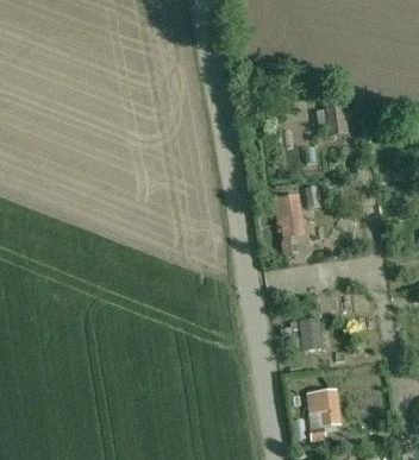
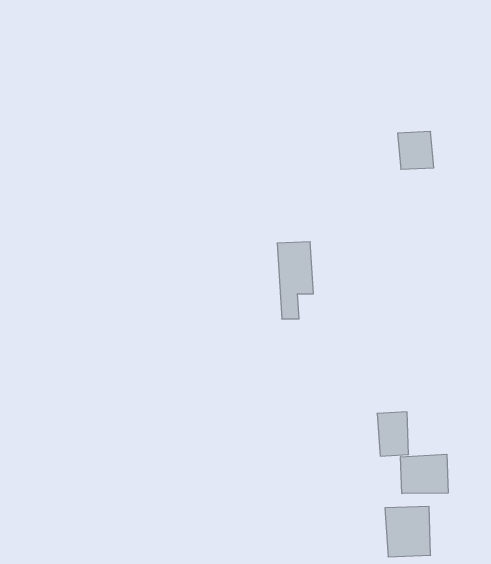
building: [276,195,304,253] -> [277,242,313,319]
building: none -> [401,454,448,494]

